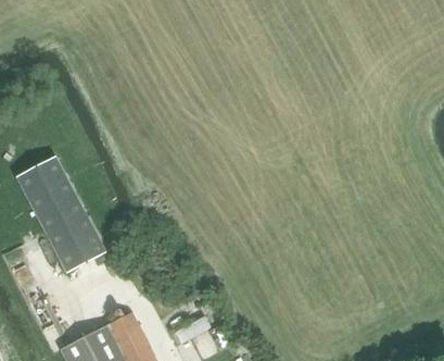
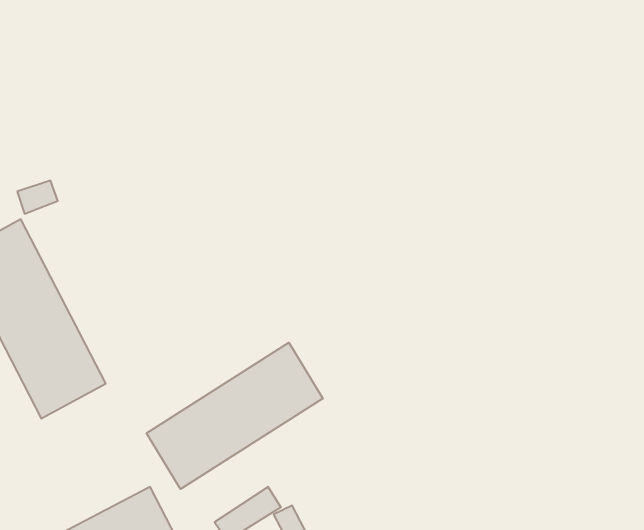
building: none -> [147,343,323,489]

